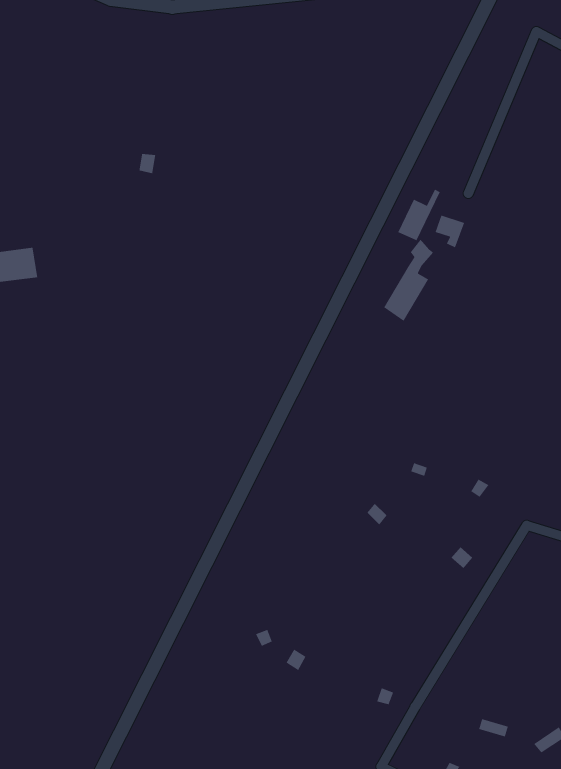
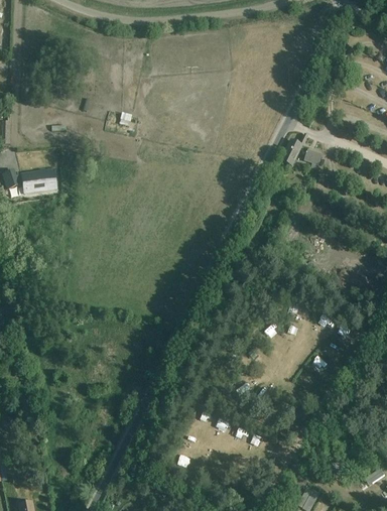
building: [383,238,434,322] -> none

